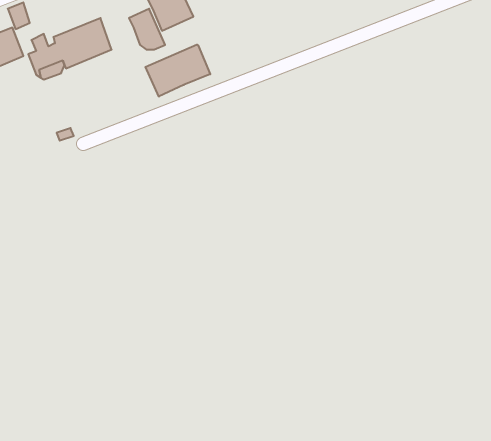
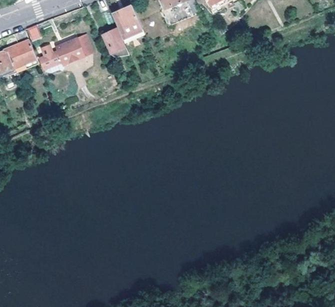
building: [145,45,210,97] -> none

